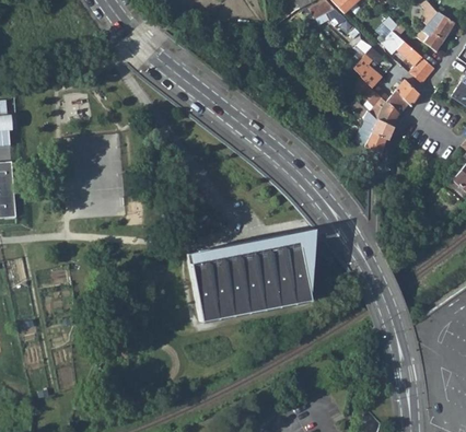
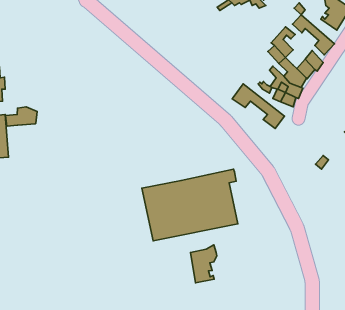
building: none -> [232,84,285,129]
building: none -> [6,107,37,126]
building: none -> [190,245,217,283]

